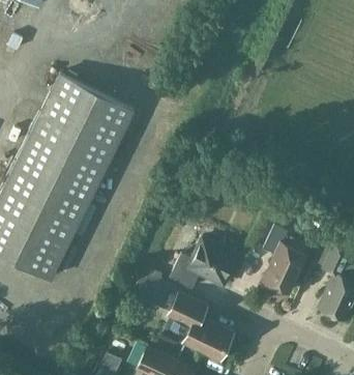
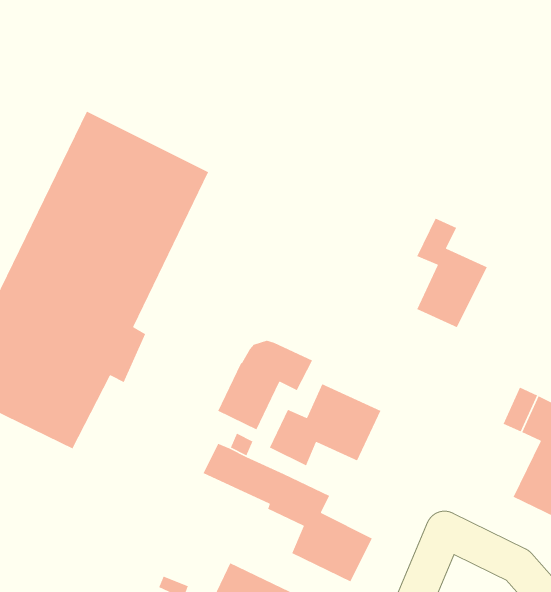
building: none -> [217,340,313,430]
building: [262,227,305,294] -> [416,217,488,328]

